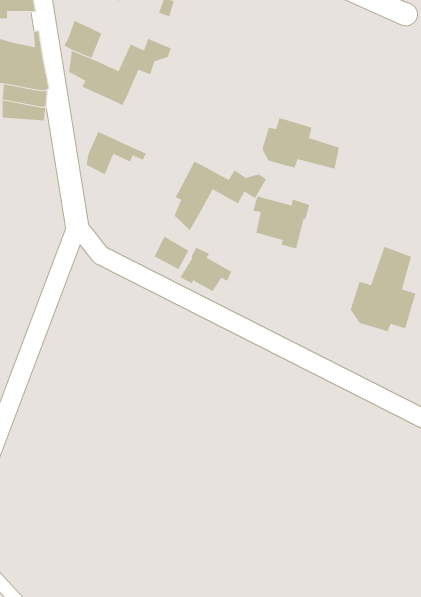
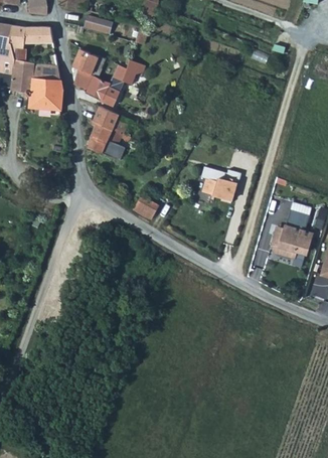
building: none -> [94,106,125,136]
building: [262,117,340,170] -> none
building: [174,161,267,231] -> none
building: [180,247,232,292] -> none

